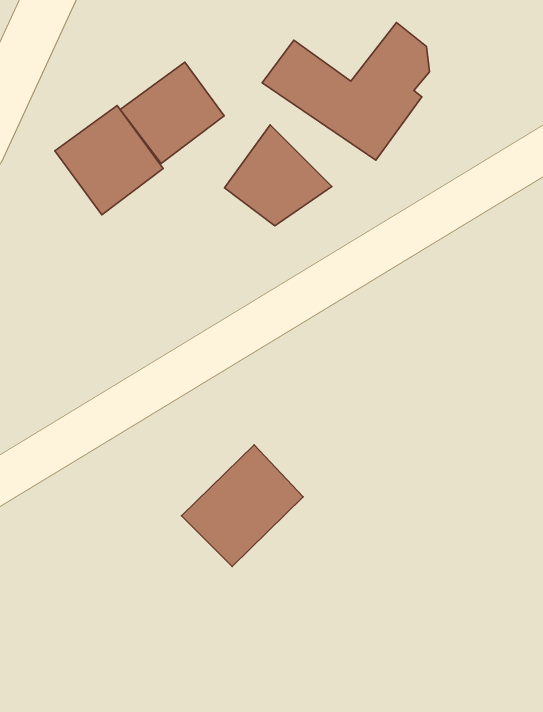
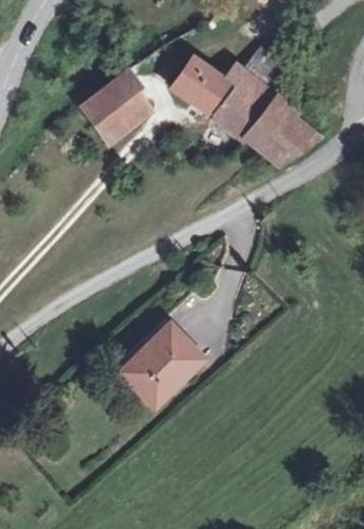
building: [55,106,163,215] -> none
building: [224,125,332,226] -> [248,97,318,164]

